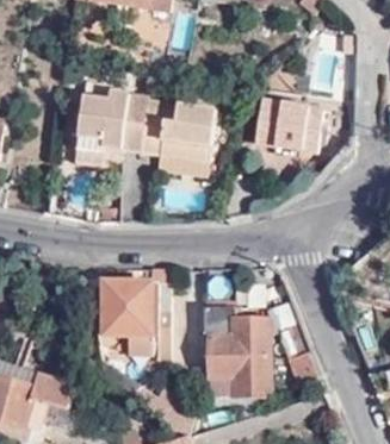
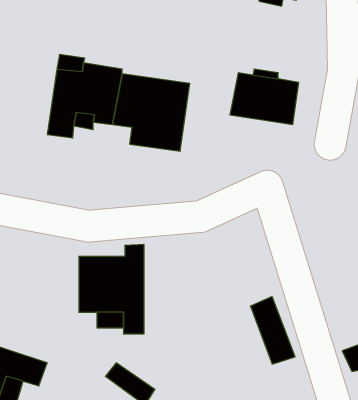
building: [200,307,268,396] -> none

